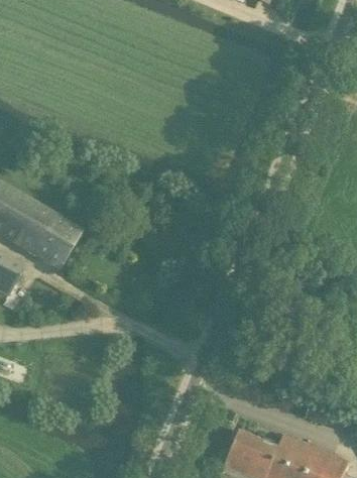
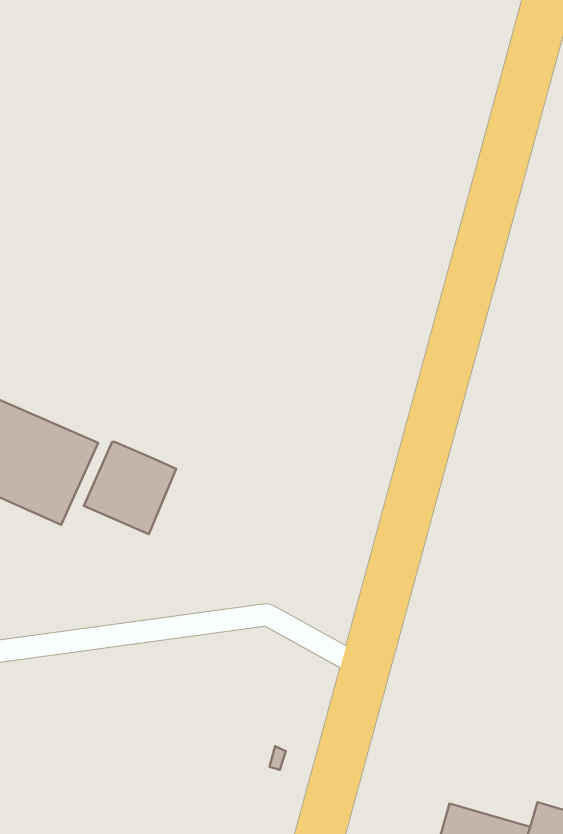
building: none -> [84,442,176,534]

